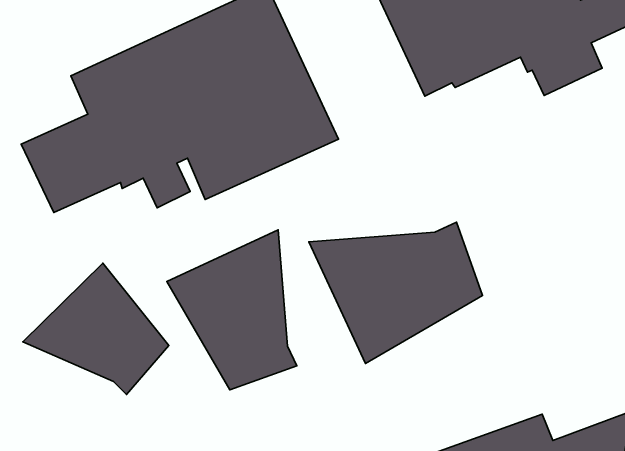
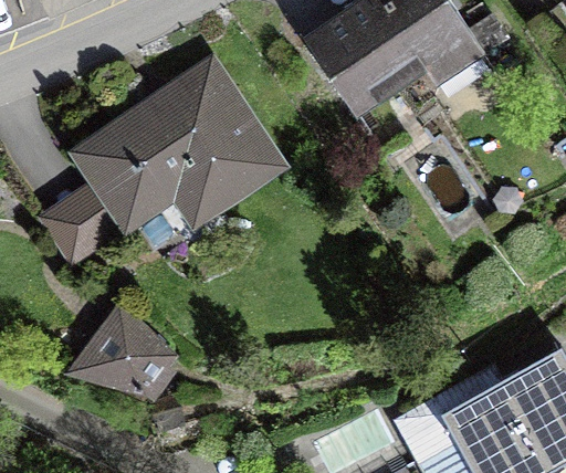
building: [309,222,483,363] -> none
building: [167,230,297,390] -> none

